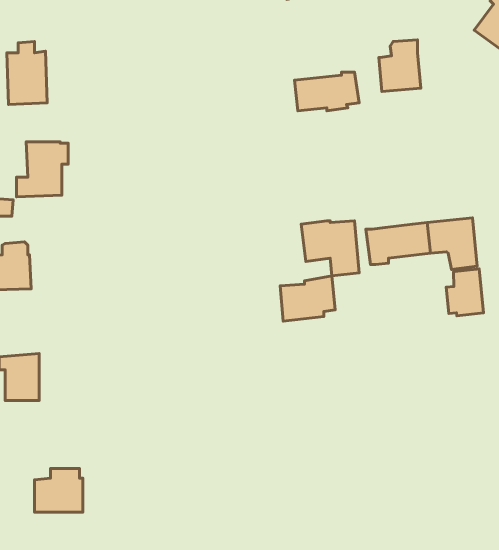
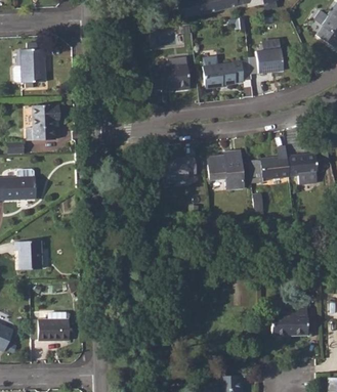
building: none -> [152,53,191,91]
building: [446,269,484,316] -> none
building: [280,276,335,321] -> [162,154,197,182]
building: none -> [271,307,308,335]

